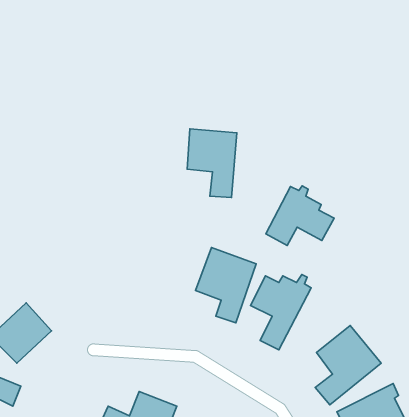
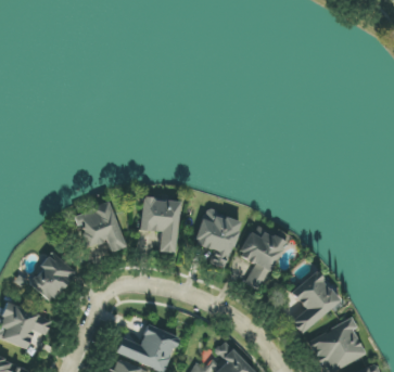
building: [187,129,237,197] -> [140,197,180,253]
building: [266,186,334,245] -> none
building: none -> [75,203,125,252]

